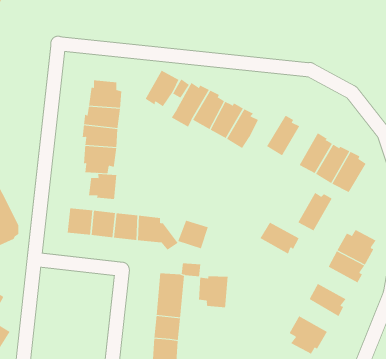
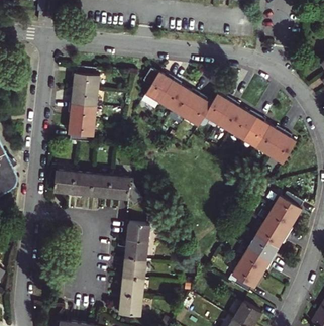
building: [145,70,179,107] -> none
building: none -> [203,92,231,123]
building: [88,173,117,200] -> none
building: [297,192,333,231] -> [229,107,257,138]
building: [177,220,208,249] -> none
building: [260,222,300,254] -> [257,220,290,246]
building: [198,276,228,308] -> none
building: none -> [242,246,275,273]

